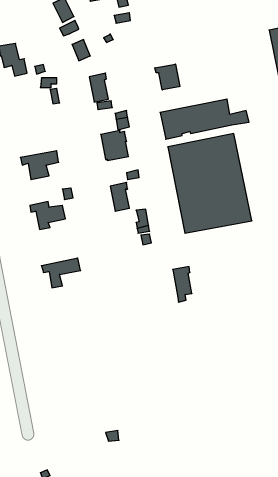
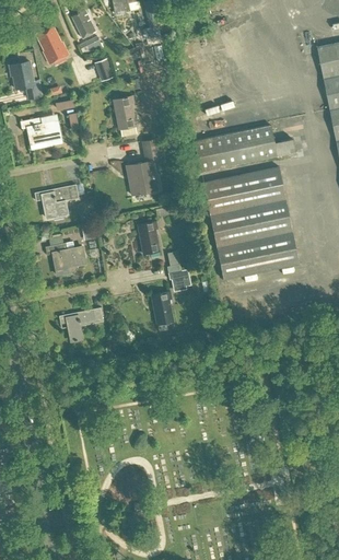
building: none -> [36,27,68,63]
building: [155,64,180,90] -> none
building: none -> [20,117,59,143]
building: [173,267,192,302] -> [151,291,173,331]

